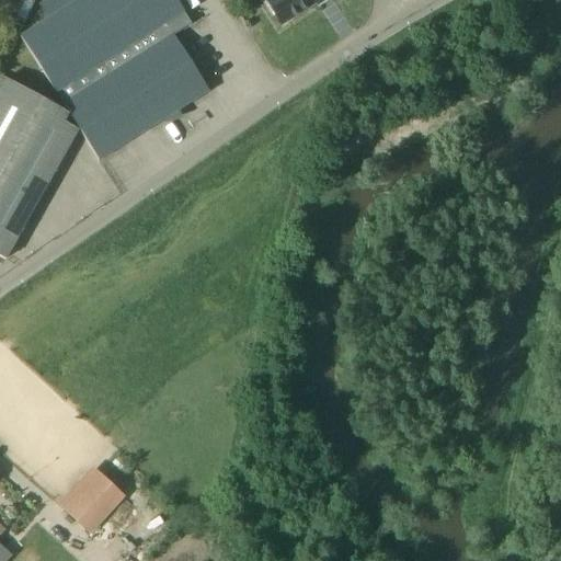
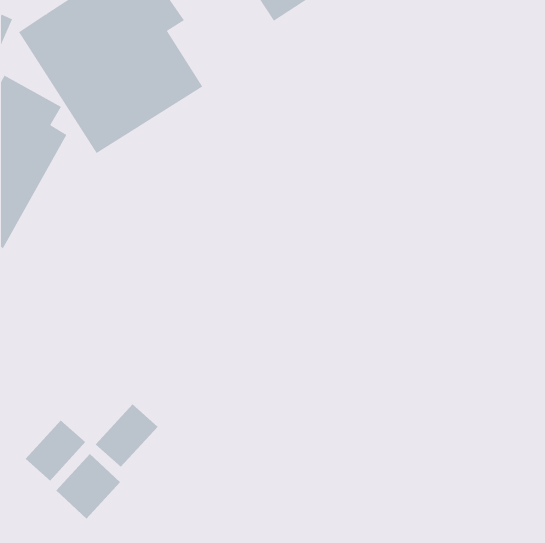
building: none -> [95,404,158,468]
building: none -> [25,419,86,482]

